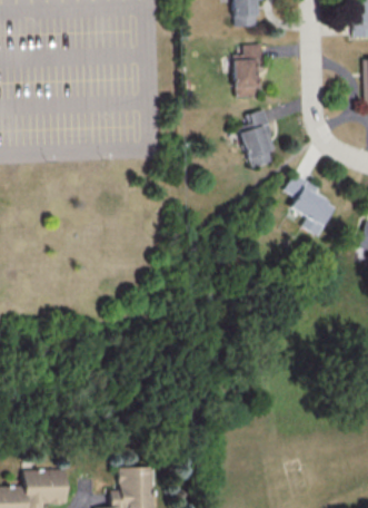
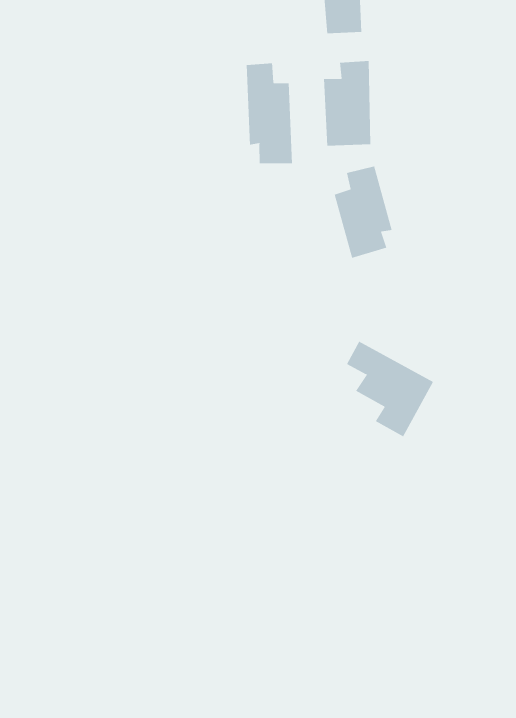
building: none -> [246,62,292,164]
building: [285,176,339,236] -> [346,341,434,437]

